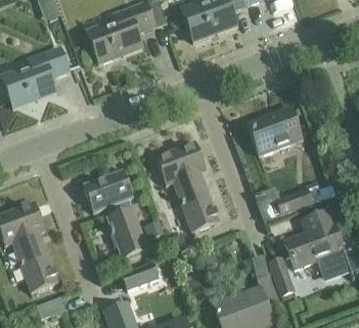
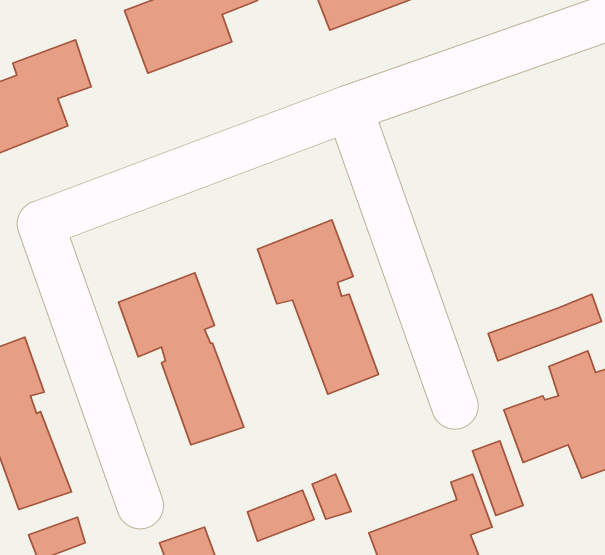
building: [246,106,302,154] -> none
building: [123,262,158,289] -> [248,490,314,541]

